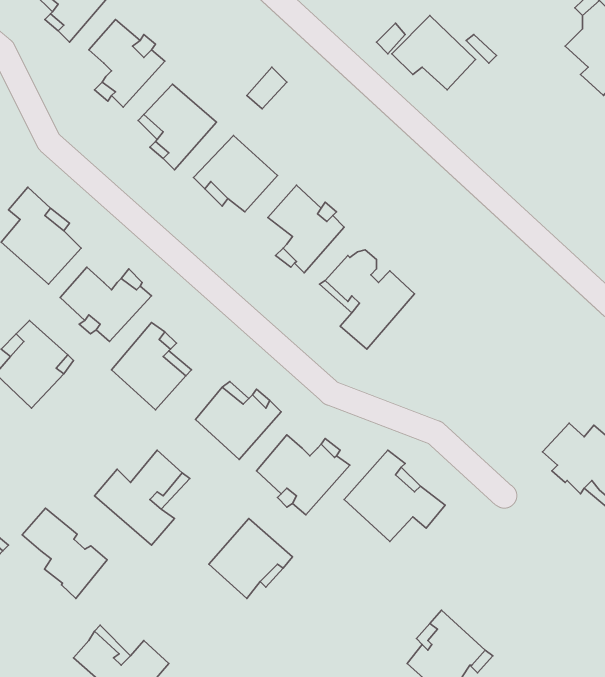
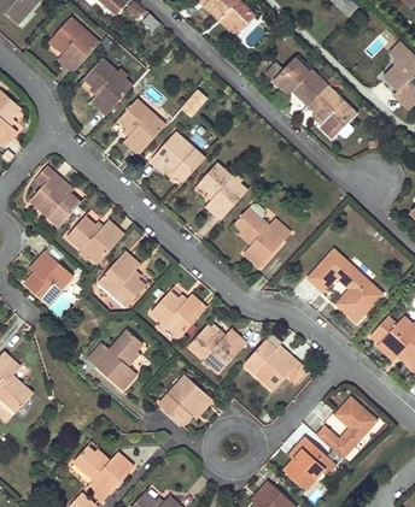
building: none -> [309,86,357,140]
building: none -> [306,250,380,322]
building: [22,508,107,599] -> none
building: none -> [316,394,378,456]

